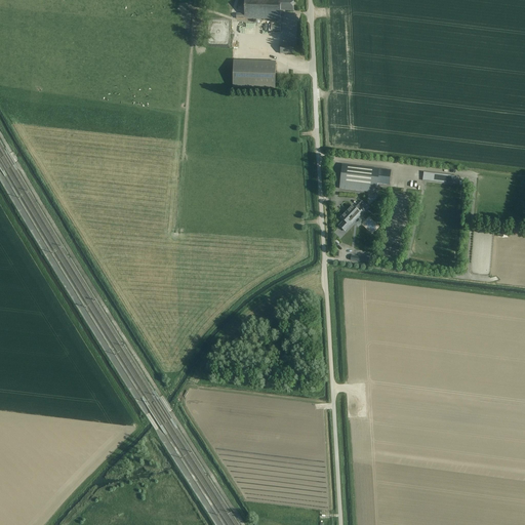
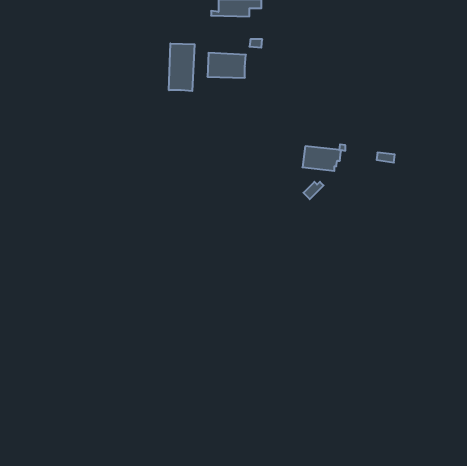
building: none -> [169,43,195,91]

